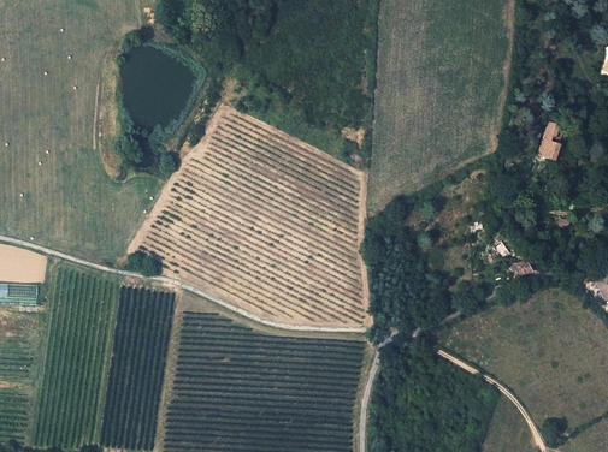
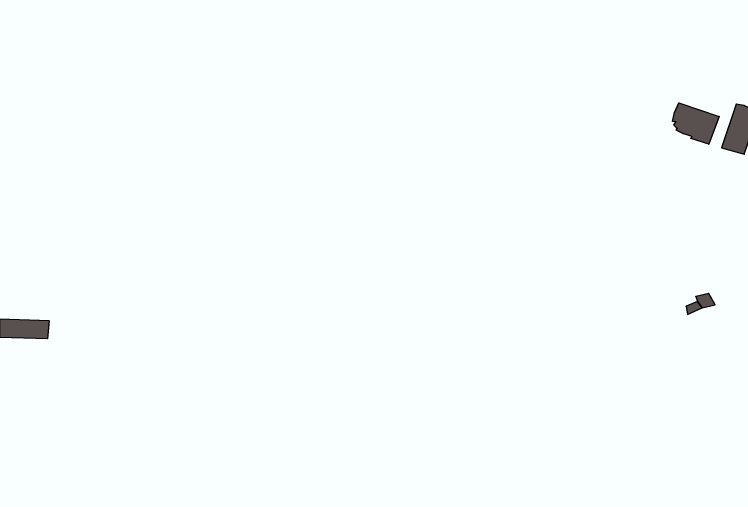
building: none -> [673,103,719,144]

